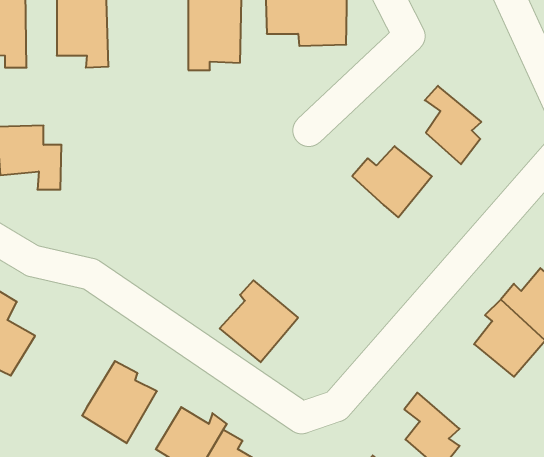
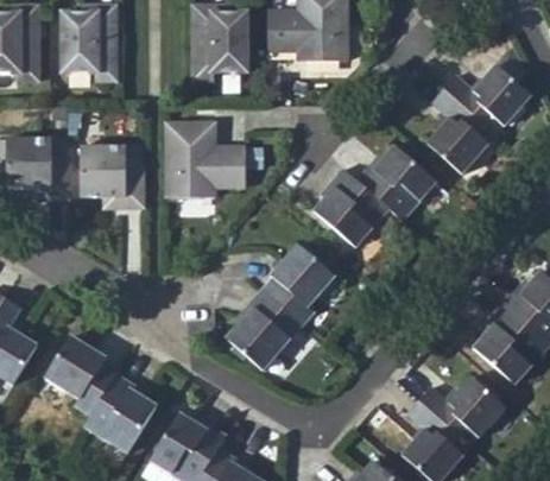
building: none -> [438,69,524,133]
building: none -> [165,121,248,198]
building: none -> [82,147,143,207]
building: none -> [314,176,385,253]
building: none -> [257,242,334,325]
building: none -> [49,330,124,413]
building: none -> [418,373,504,435]

